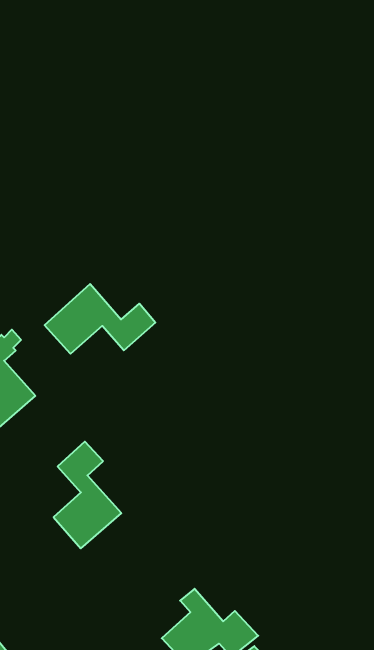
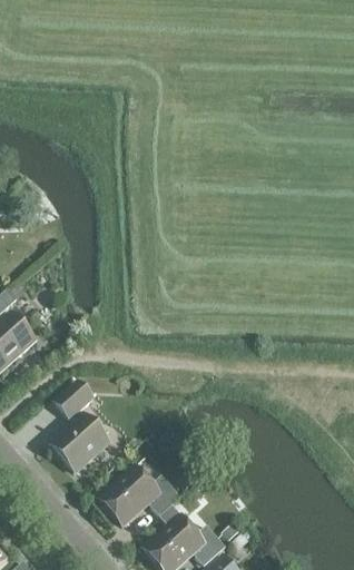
building: [45,284,155,354] -> none
building: none -> [99,466,181,525]

